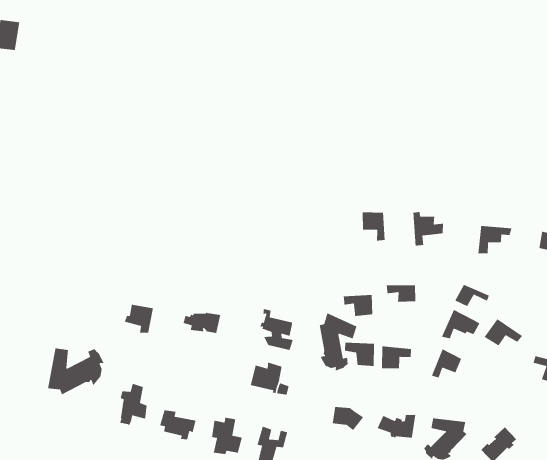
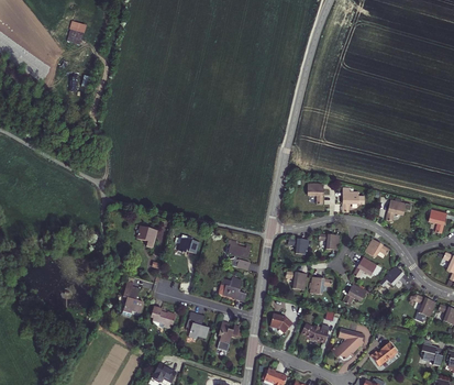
building: [319,312,358,372] -> none
building: [47,347,105,395] -> none

